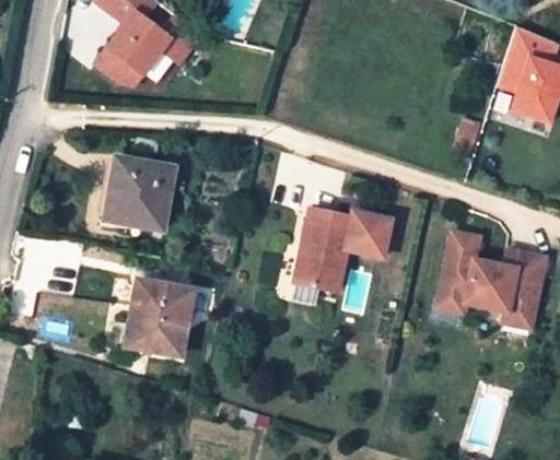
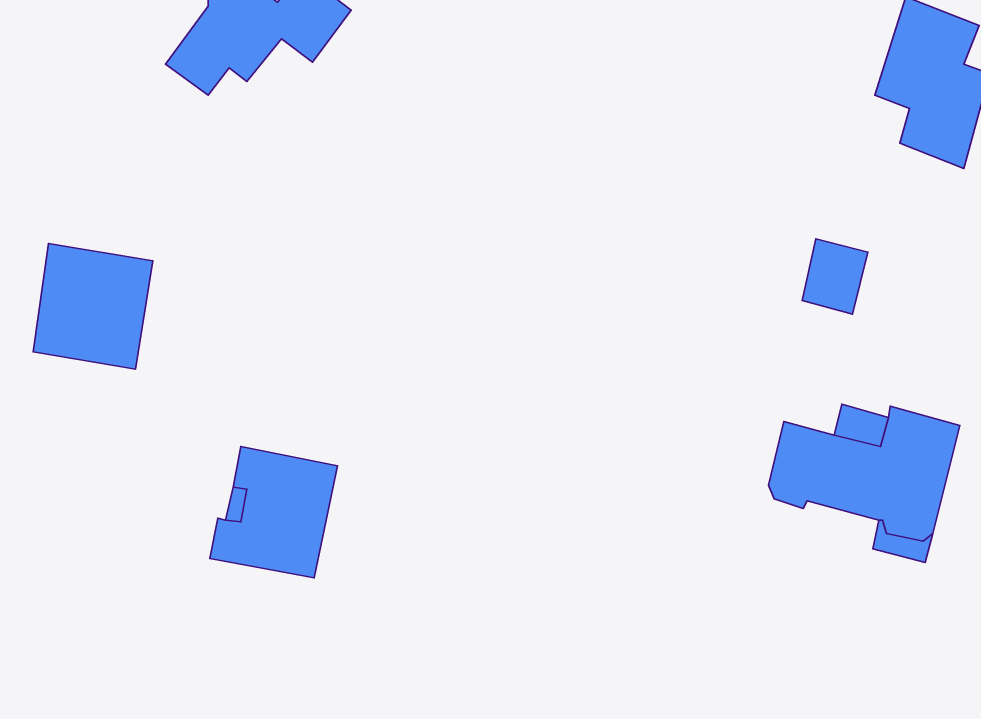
building: [106,156,174,227] -> [33,244,153,369]
building: [295,210,393,293] -> none
building: [445,229,482,272] -> [802,239,868,314]

